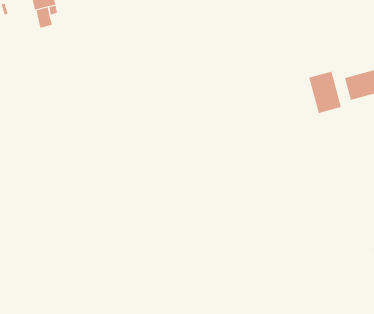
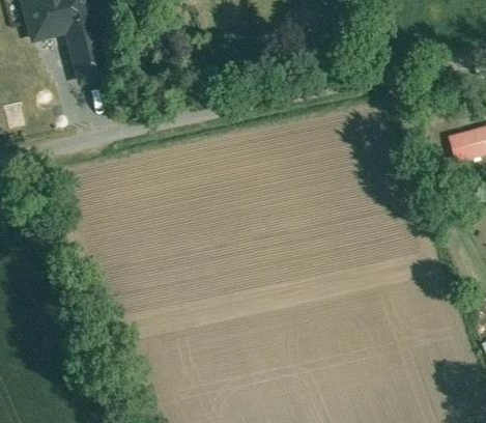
building: [309,71,342,114] -> none

